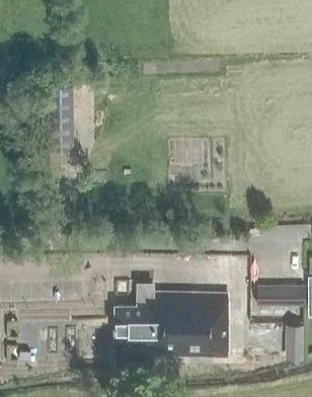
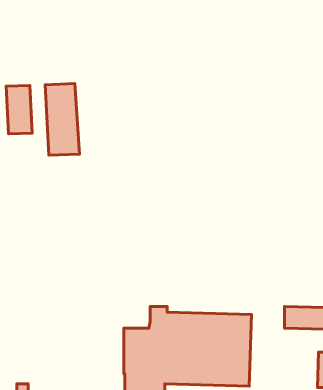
building: none -> [6,85,32,134]

